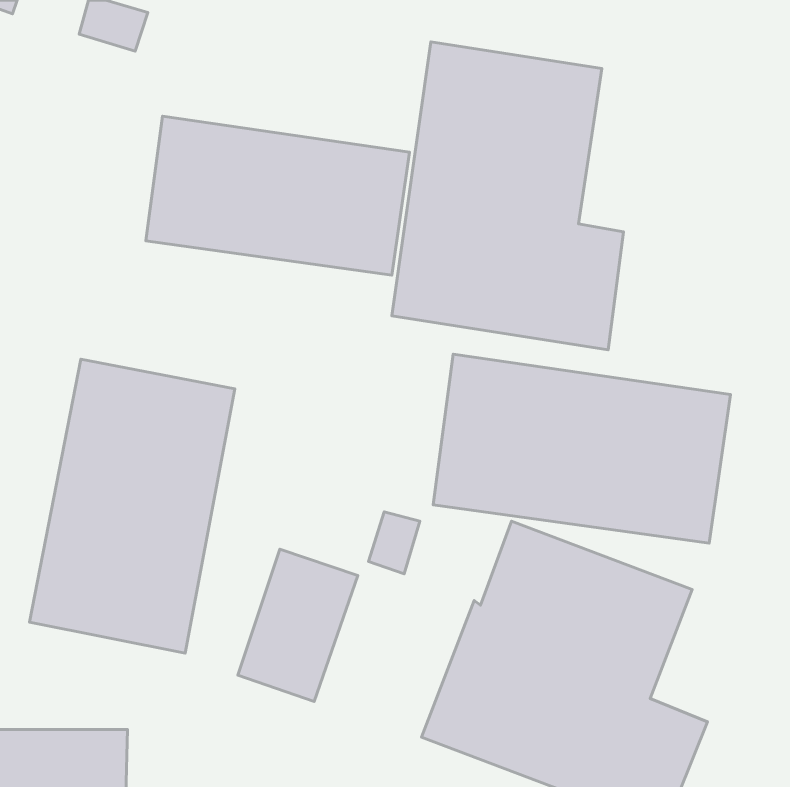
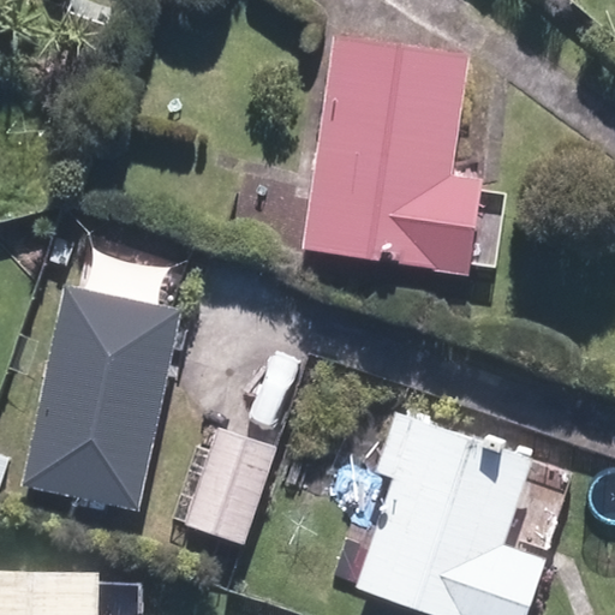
building: [146,116,409,275] -> none
building: [433,354,730,543] -> none

